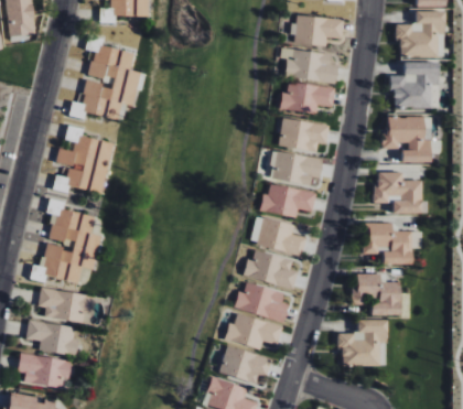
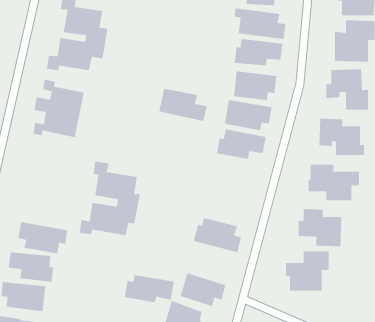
building: [31,198,100,282] -> [79,161,141,236]
building: [250,216,305,254] -> [159,88,208,121]
building: [243,250,298,289] -> none
building: [225,315,282,347] -> [124,274,175,303]

